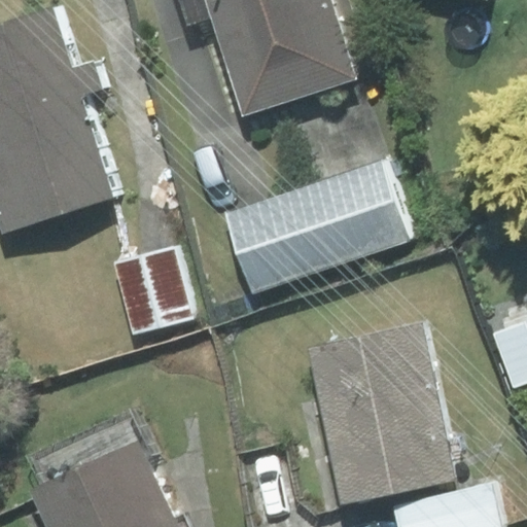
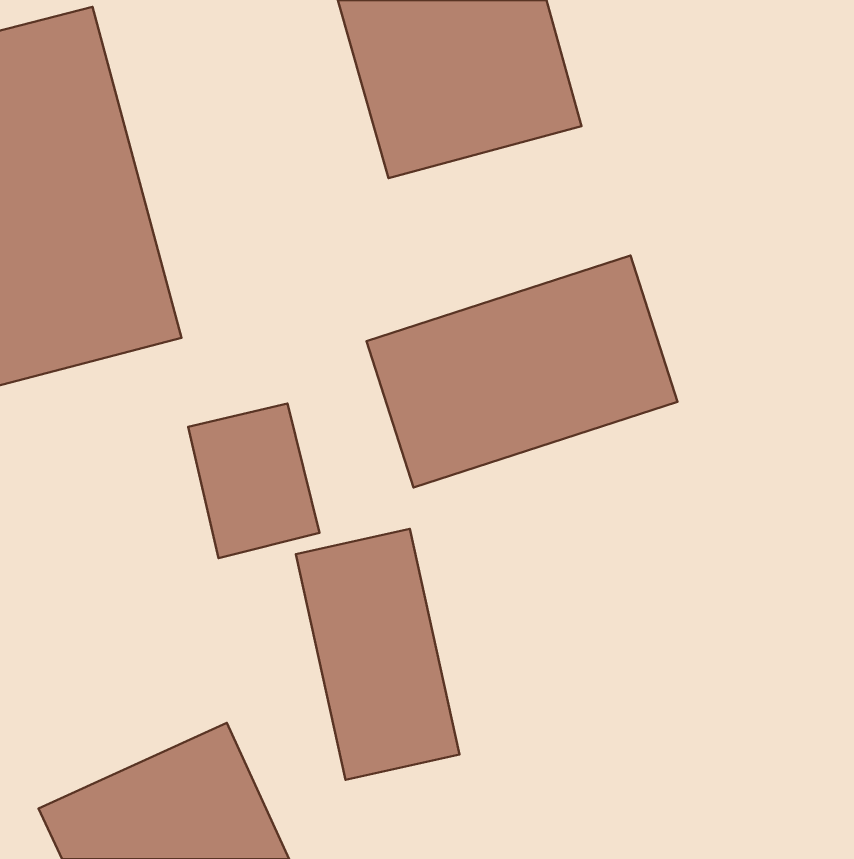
building: [309,321,455,508] -> none
building: none -> [296,529,460,780]

